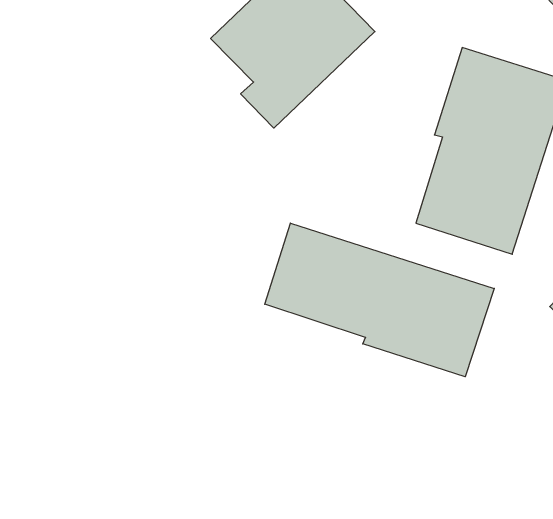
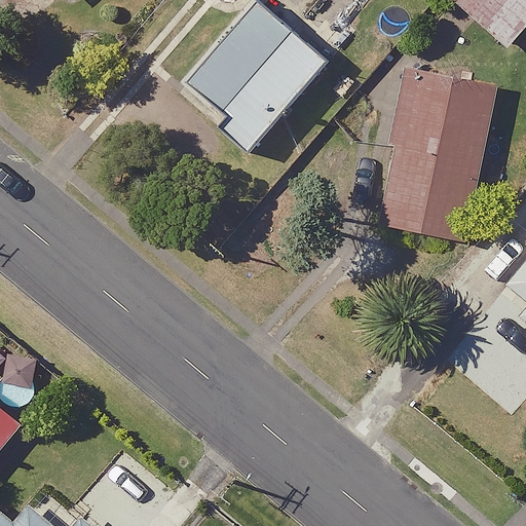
building: [265,223,494,377] -> none

